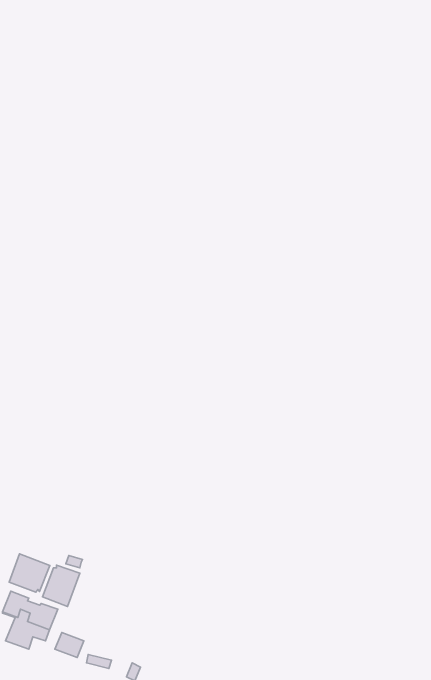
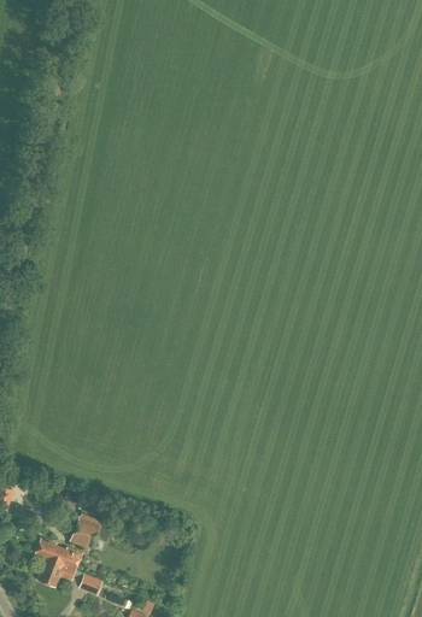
building: [9,554,50,592] -> none

